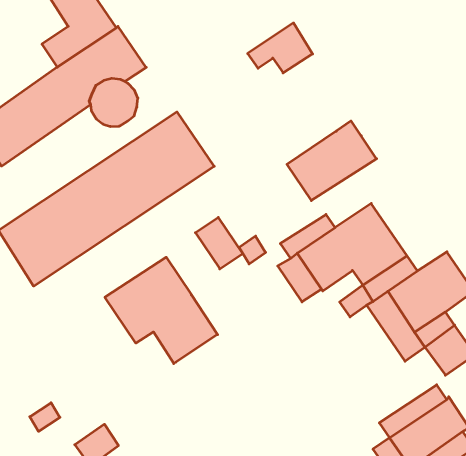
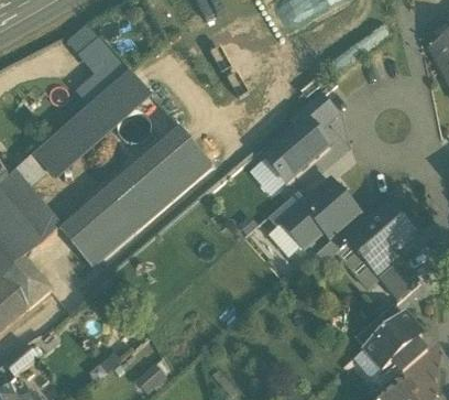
building: [248,23,313,73] -> [289,90,337,128]
building: [195,217,243,269] -> [250,155,286,193]
building: [105,257,218,364] -> none

